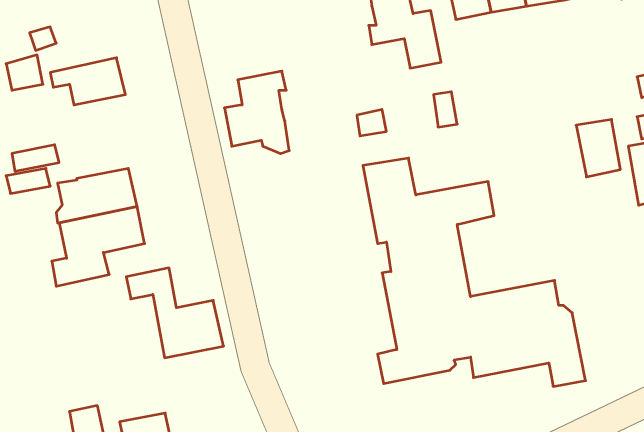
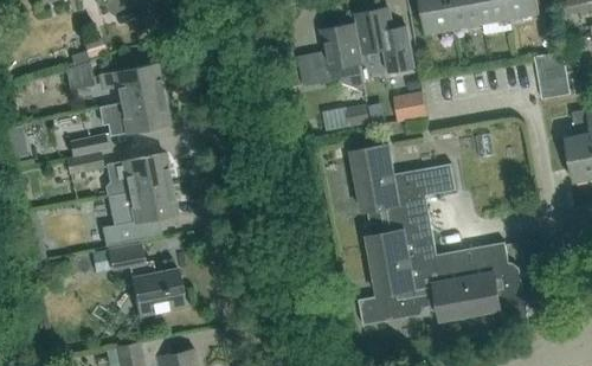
building: [224,71,289,154] -> [313,23,365,89]
building: none -> [98,94,167,136]
building: [576,119,620,177] -> [534,52,570,98]
building: [126,268,224,358] -> [107,244,185,316]

